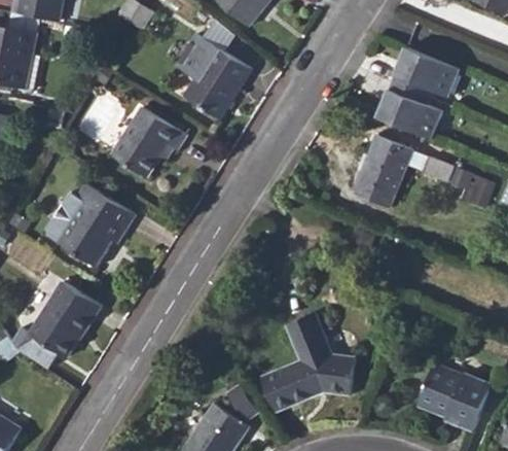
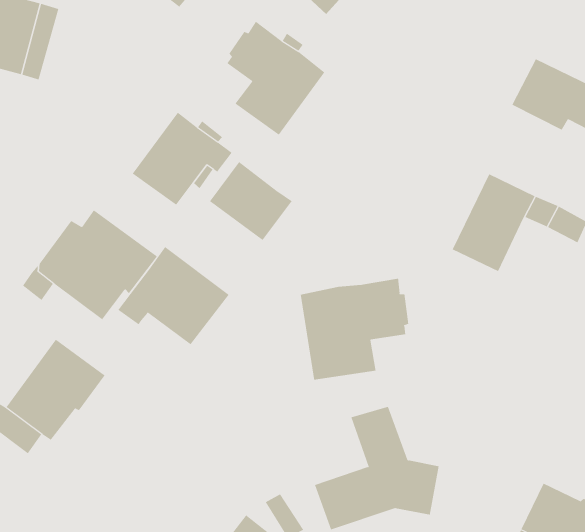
building: [375,82,442,140] -> none
building: none -> [209,161,293,241]
building: none -> [117,246,230,345]
building: none -> [300,278,409,380]

